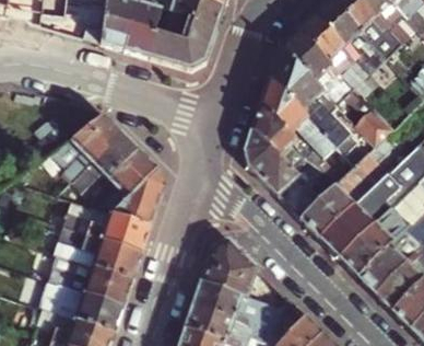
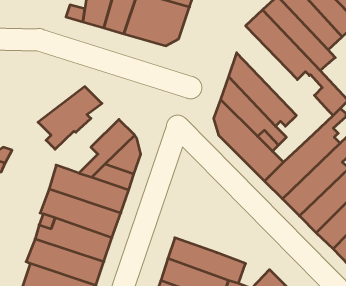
building: [270,46,376,165] -> none
building: [71,131,141,192] -> none
building: [202,237,259,296] -> none

